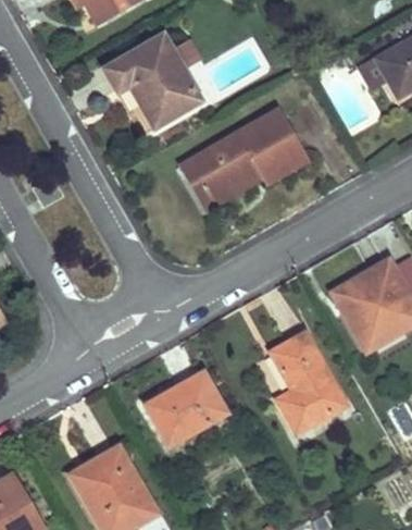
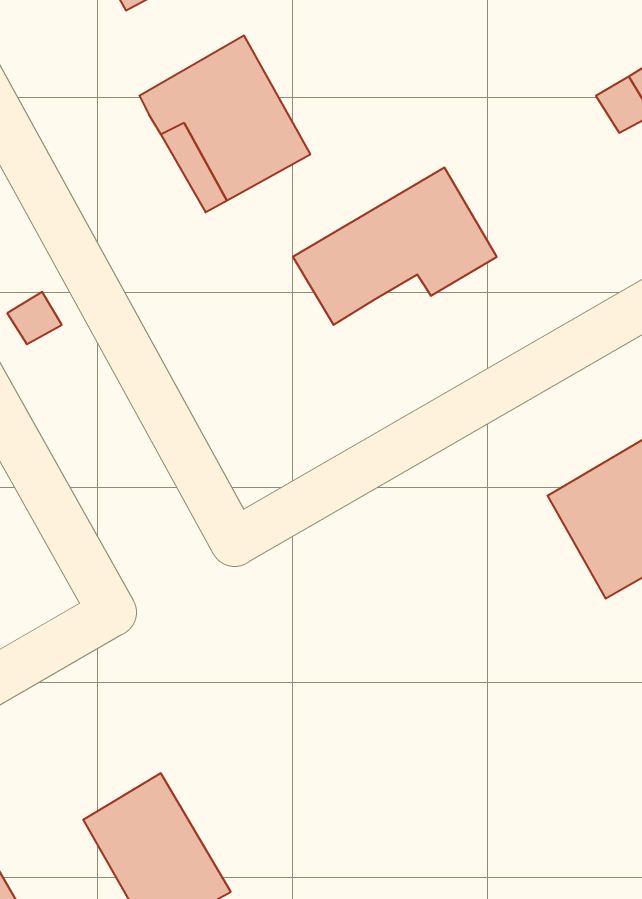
building: [180,159,265,210] -> none
building: [271,332,347,433] -> none
building: [147,377,225,445] -> none

